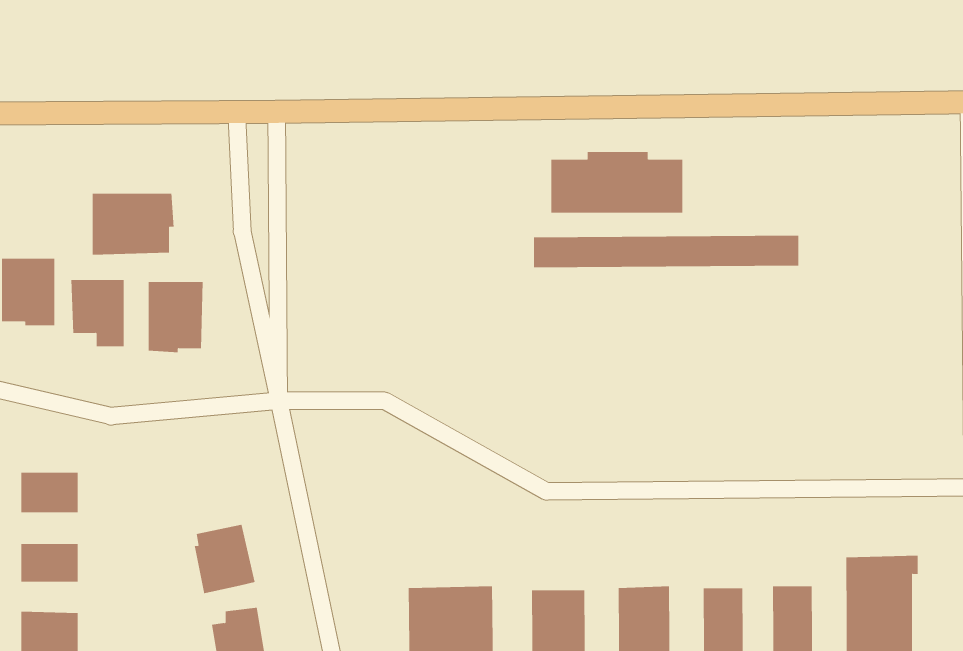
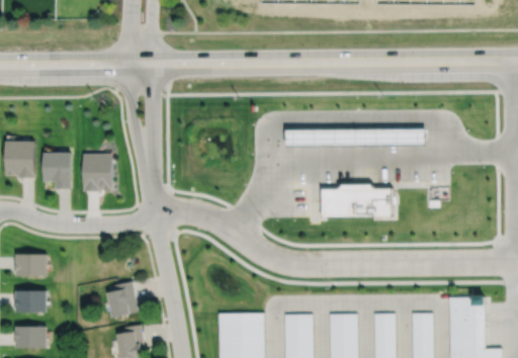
building: [550,151,683,213] -> [322,184,392,216]
building: [92,193,174,255] -> none

